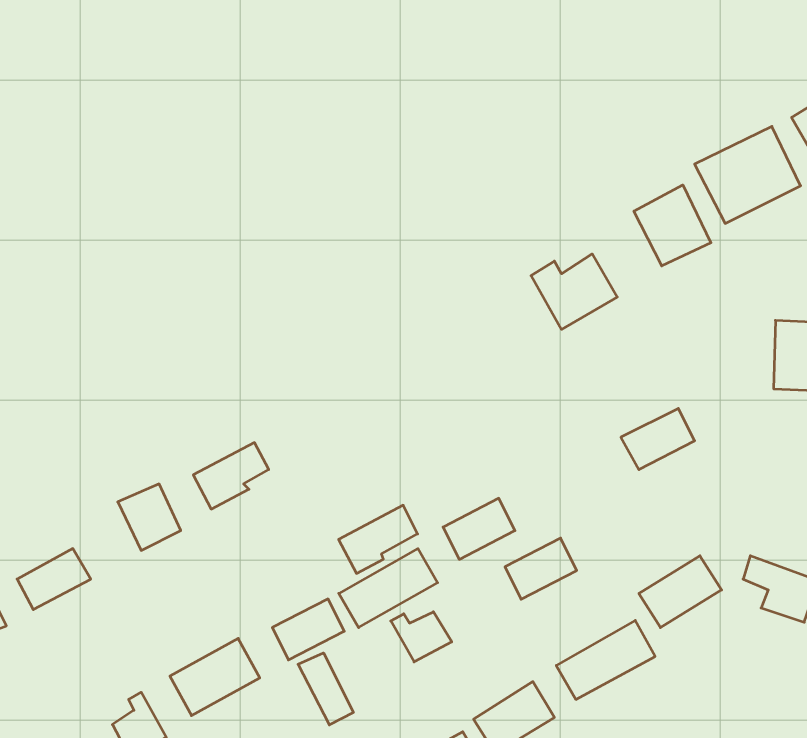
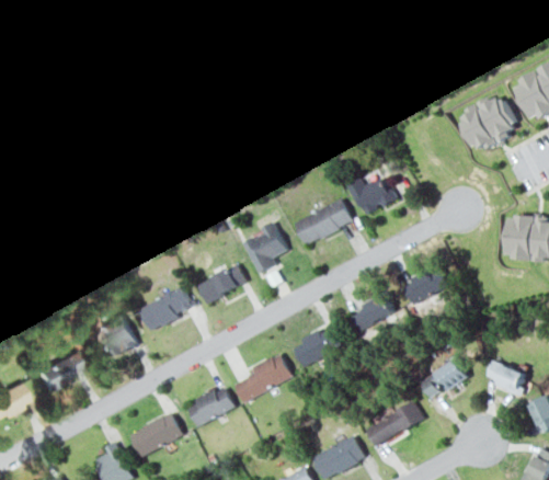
building: [634,185,711,266] -> none
building: none -> [298,197,351,241]
building: none -> [244,221,288,275]
building: [339,505,418,573] -> [196,264,244,306]
building: [505,538,577,599] -> [353,295,397,332]
building: [391,612,452,662] -> none
building: [298,653,353,725] -> none

